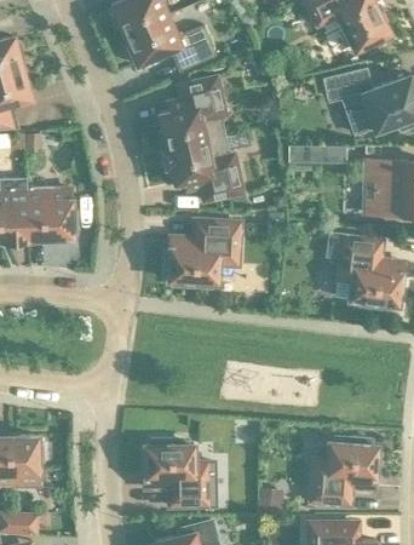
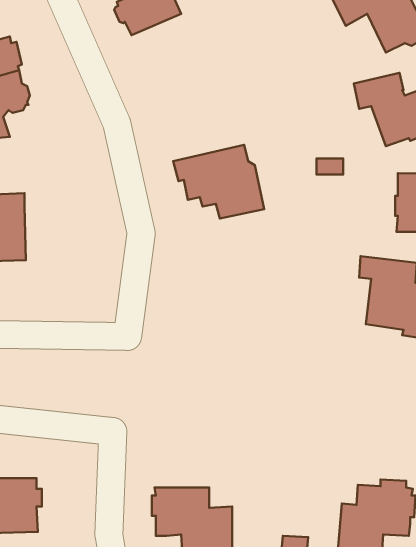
building: [123,16,215,71] -> none
building: [157,75,226,149] -> none
building: [27,189,77,239] -> none
building: [166,219,240,287] -> none

